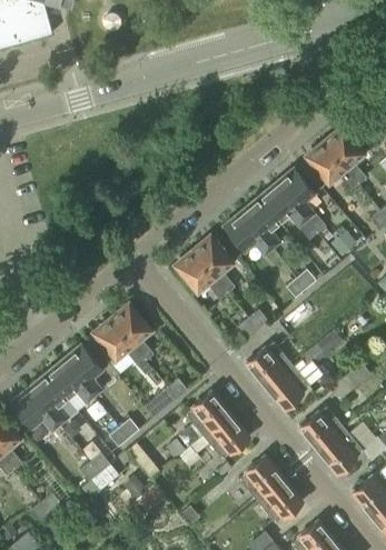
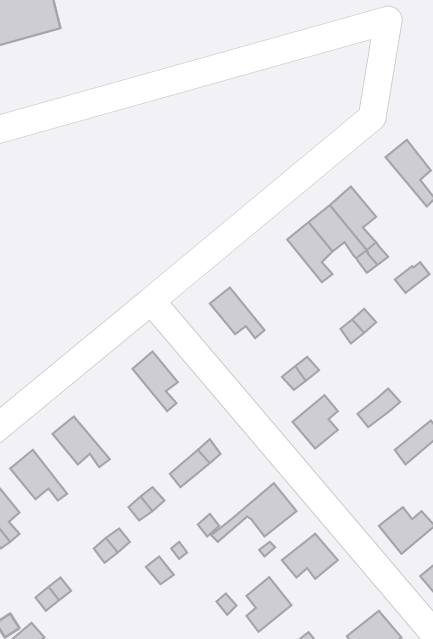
building: [308,142,359,189] -> none
building: [225,211,271,252] -> none
building: [195,237,232,287] -> none
building: [96,319,142,360] -> none
building: [65,343,103,394] -> none
building: [266,370,311,409] -> none
building: [30,373,68,423] -> none
building: [186,391,231,446] -> none
building: [300,404,339,450] -> none
building: [266,479,304,524] -> [246,577,292,632]

